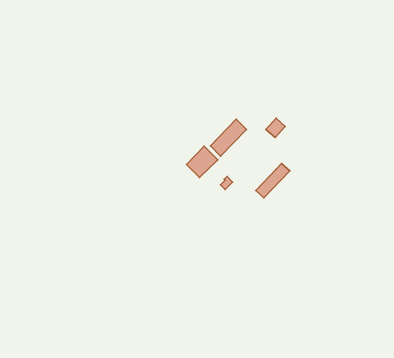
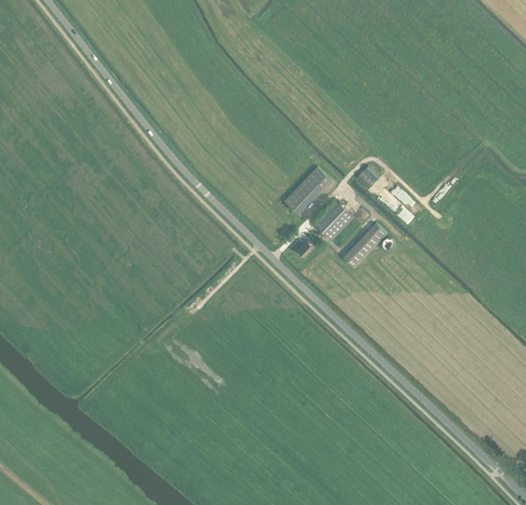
building: [187,146,218,178] -> [311,198,351,239]

